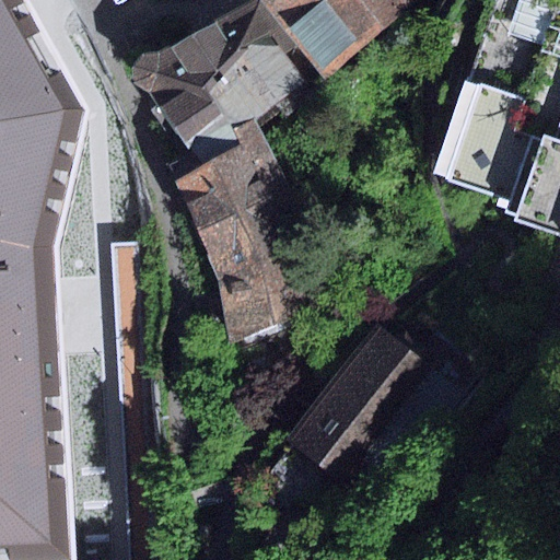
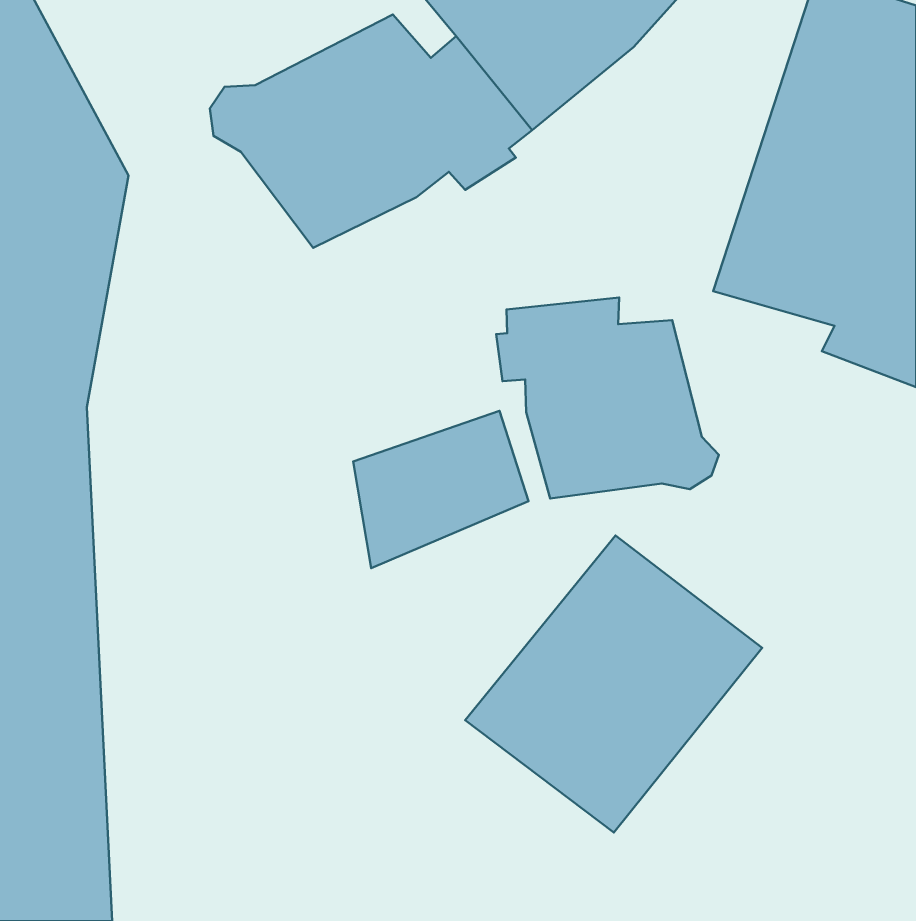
building: [166,119,302,279] -> none
building: none -> [496,298,719,499]

